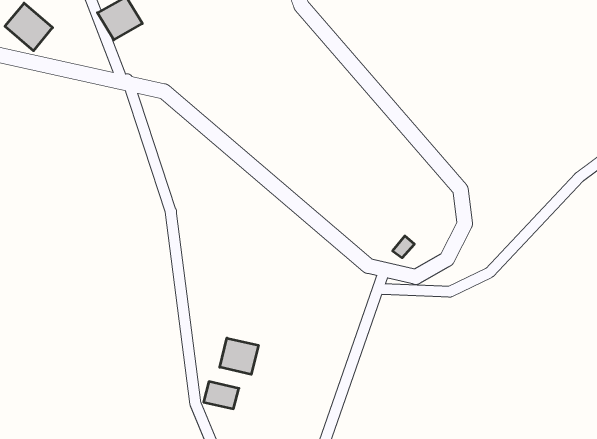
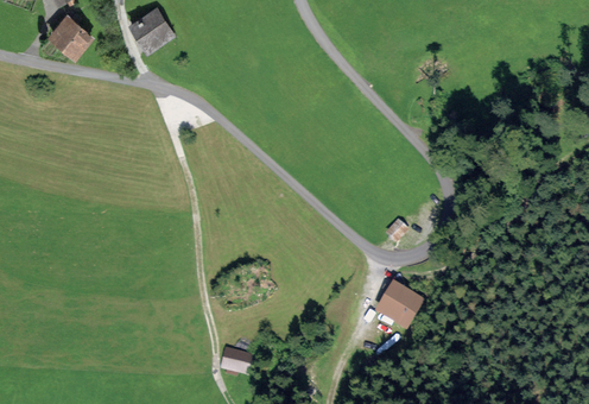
building: none -> [376,283,424,327]
building: [220,338,258,374] -> none

